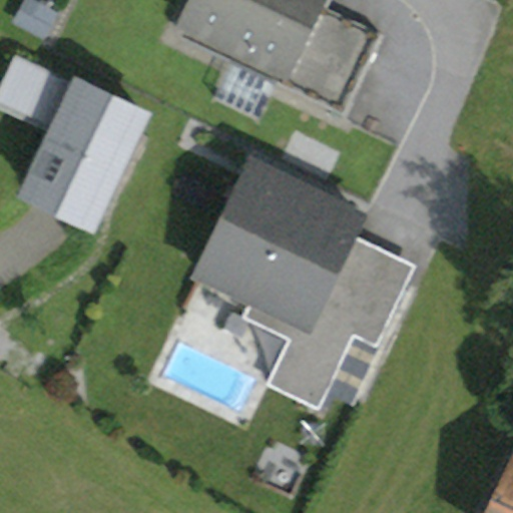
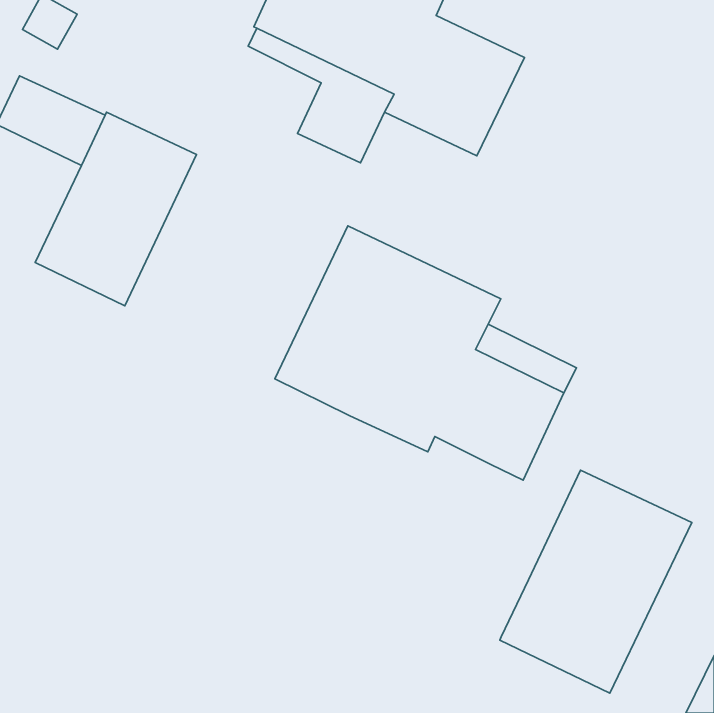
building: [240,297,351,405] -> none
building: none -> [500,470,692,693]

